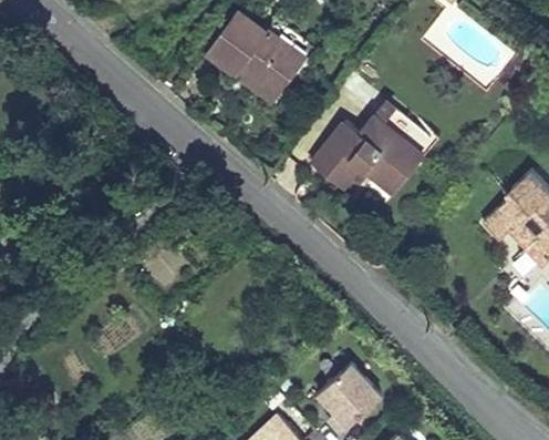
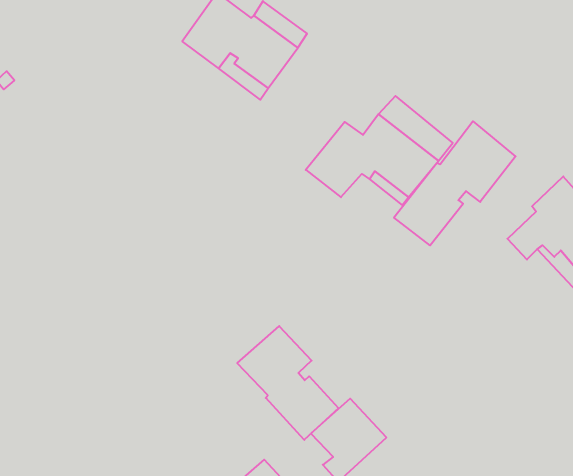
building: none -> [394,121,516,245]
building: none -> [237,326,338,440]

